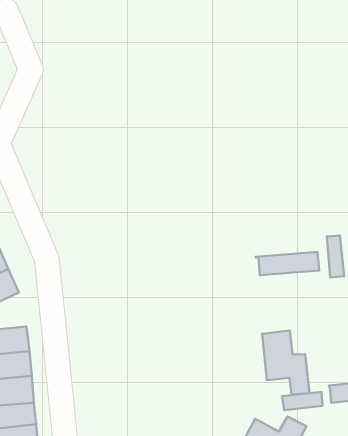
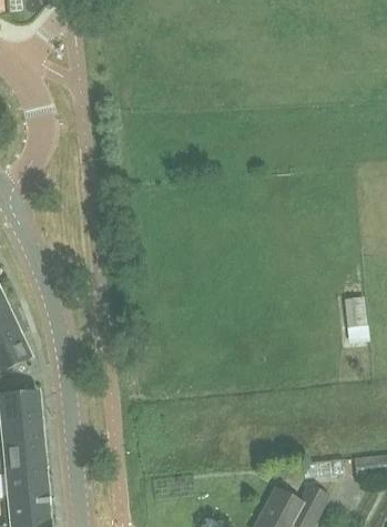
building: [256,252,319,275] -> none
building: [262,331,310,394] -> none

